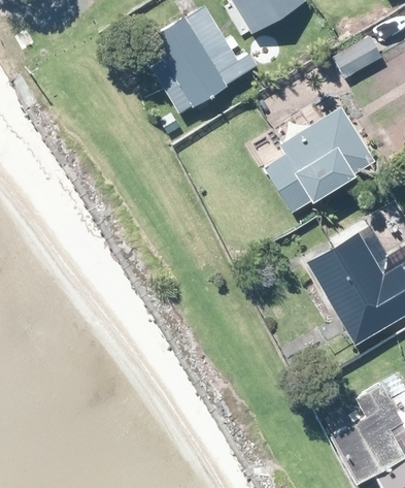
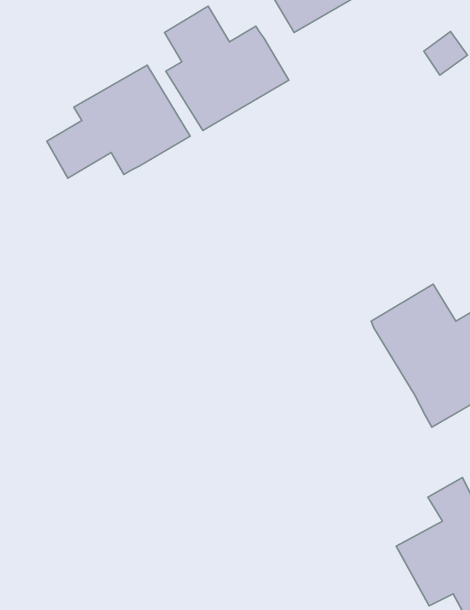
building: none -> [47,65,190,178]
building: [264,106,374,212] -> none

